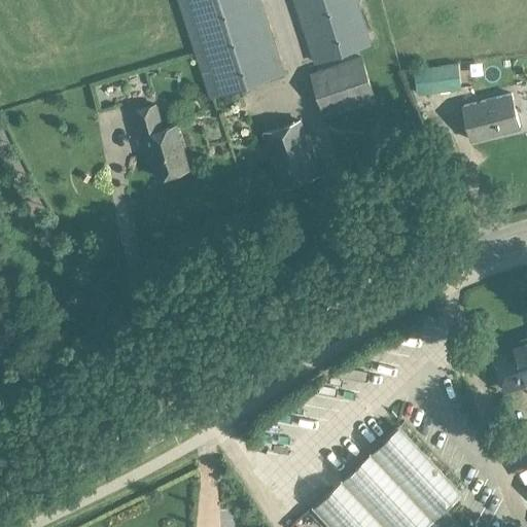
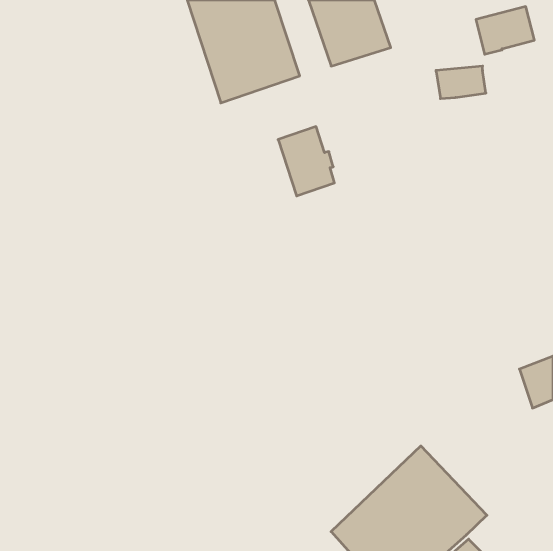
building: [310,57,377,118] -> none
building: [464,96,520,141] -> [476,7,534,54]
building: [133,107,189,179] -> none

